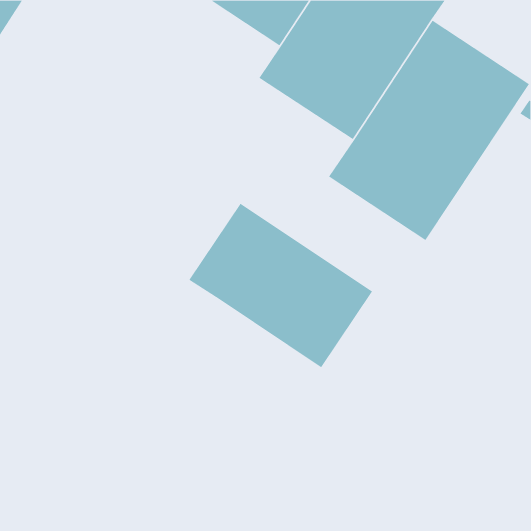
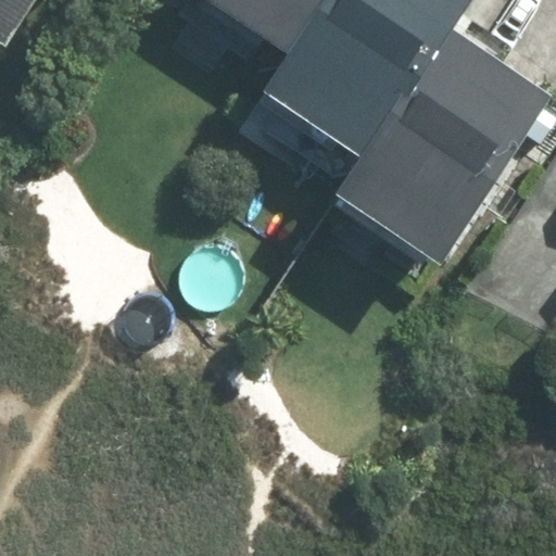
building: [188,203,373,368] -> none

